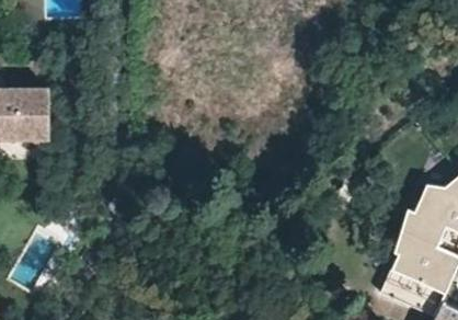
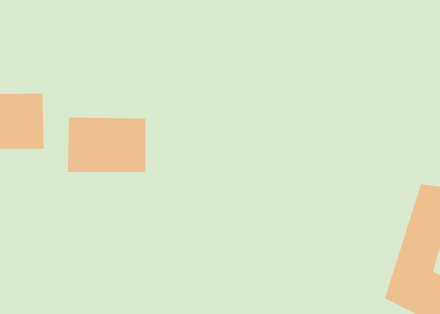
building: none -> [68,117,146,173]

